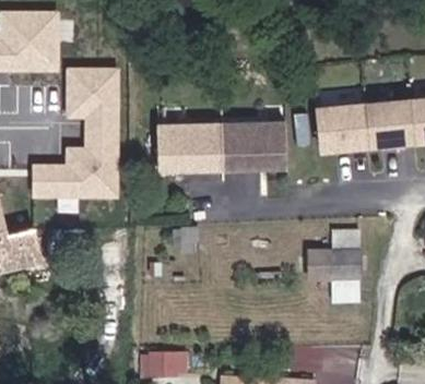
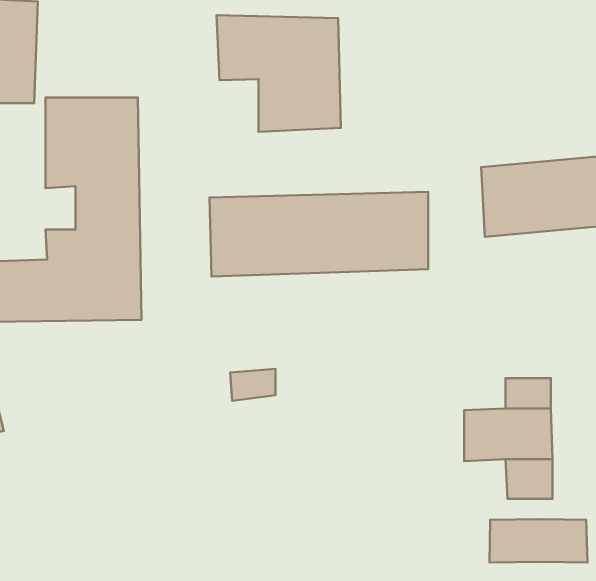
building: none -> [217,15,341,132]
building: none -> [489,519,587,563]

